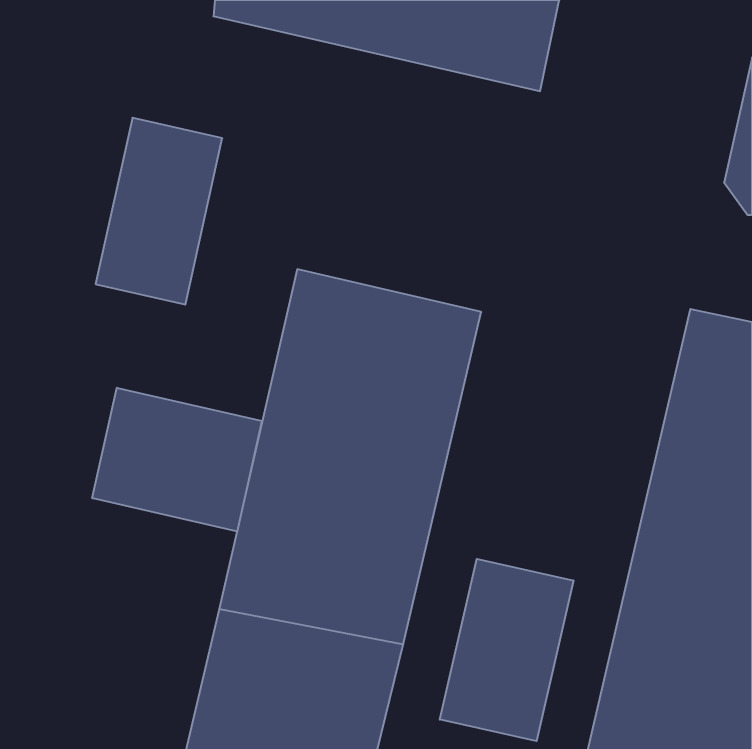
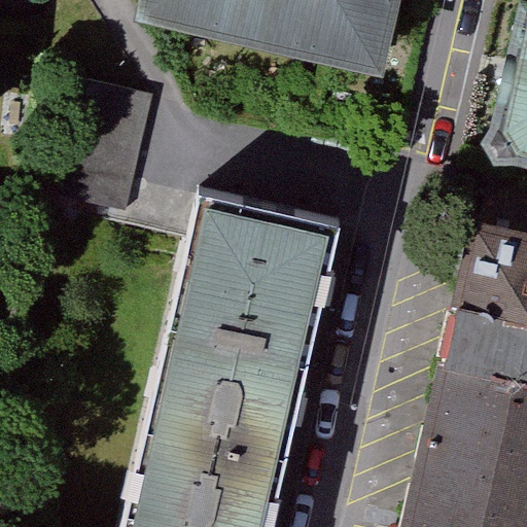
building: [92,388,262,531] -> none
building: [440,559,573,741] -> none

